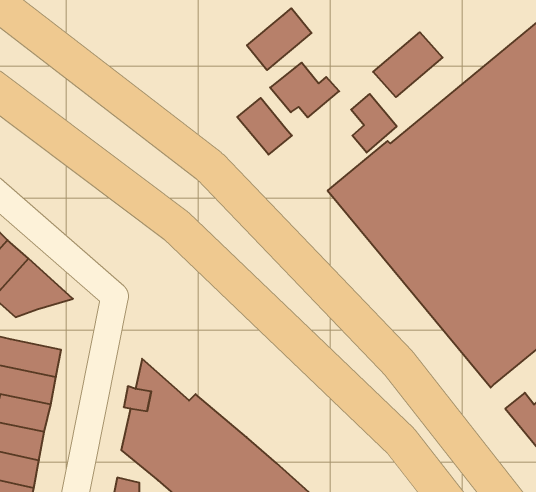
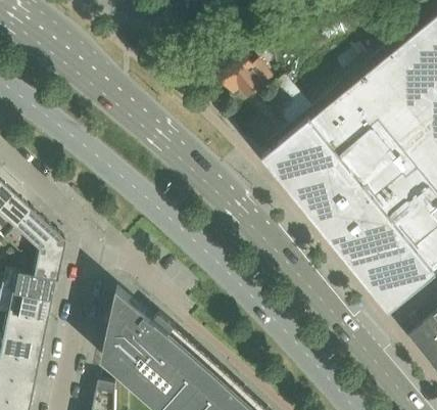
building: [247,8,312,70] -> none
building: [373,32,443,97] -> none
building: [237,98,292,155] -> none
building: none -> [14,242,63,282]

